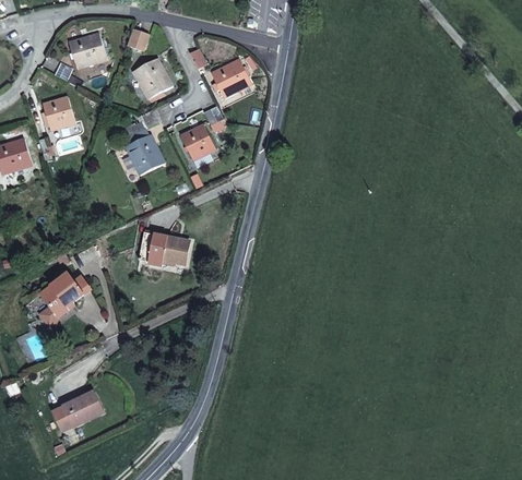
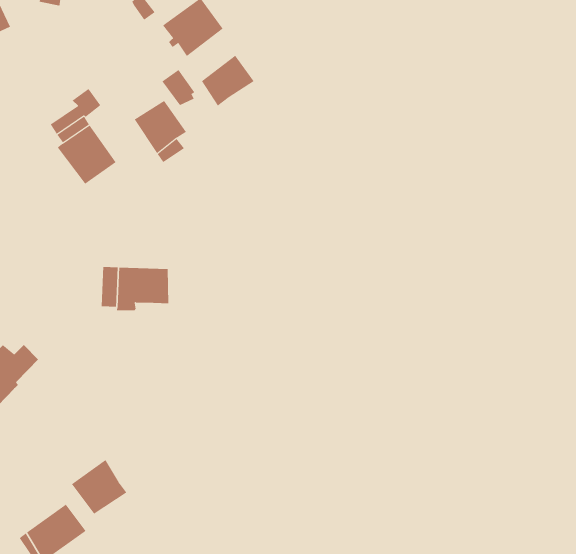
building: [132,58,171,99] -> none
building: none -> [201,55,255,106]
building: none -> [71,459,127,514]

